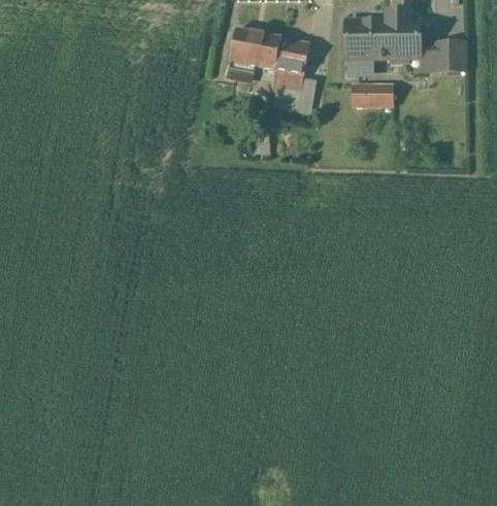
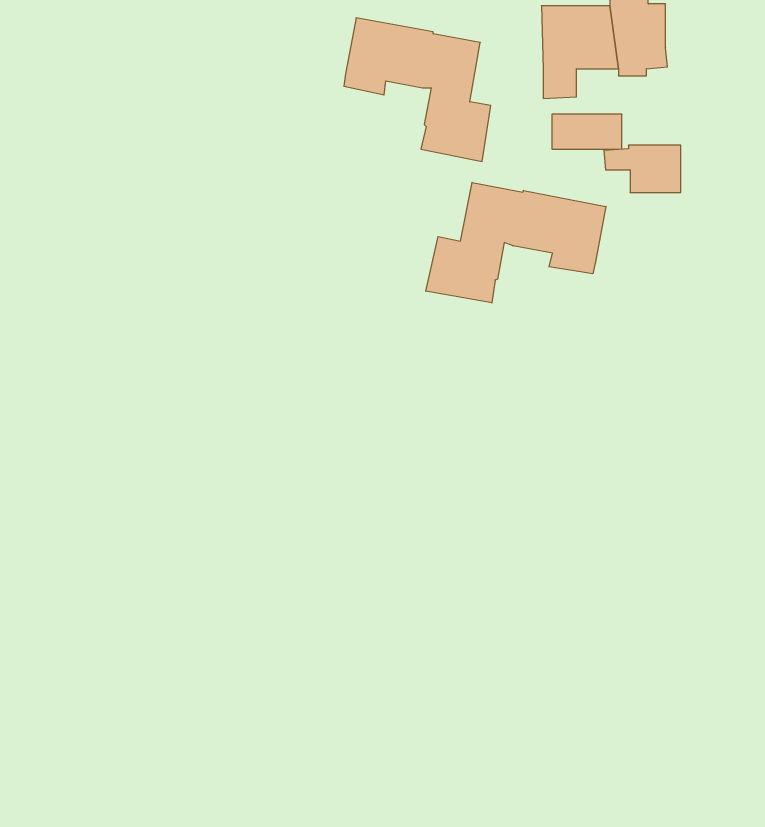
building: [419,42,464,70] -> [604,145,681,192]
building: none -> [426,182,606,303]

